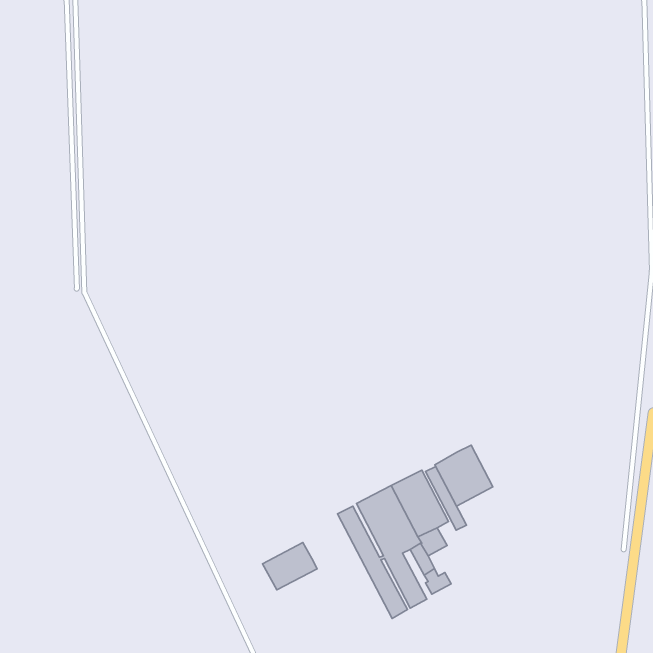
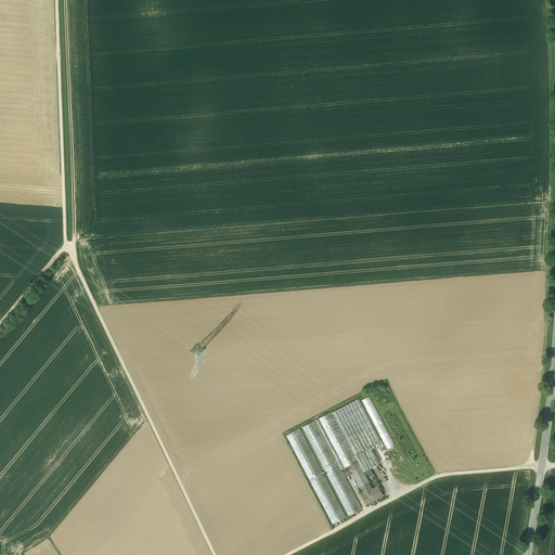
building: [435,445,493,506] -> none
building: [262,543,317,590] -> none

